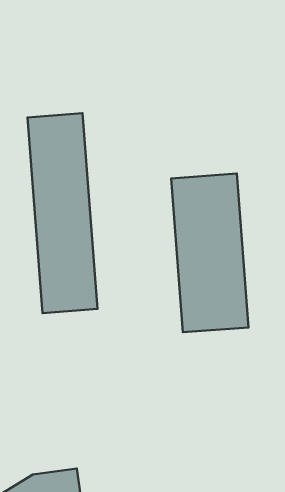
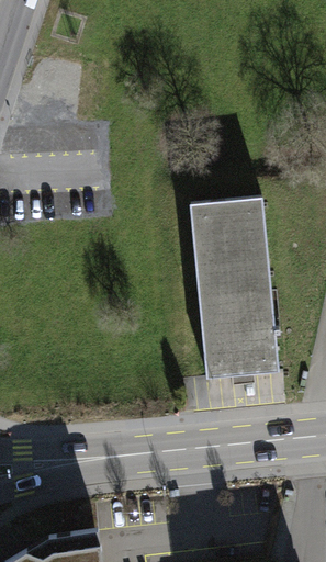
building: [27,113,98,313] -> none

